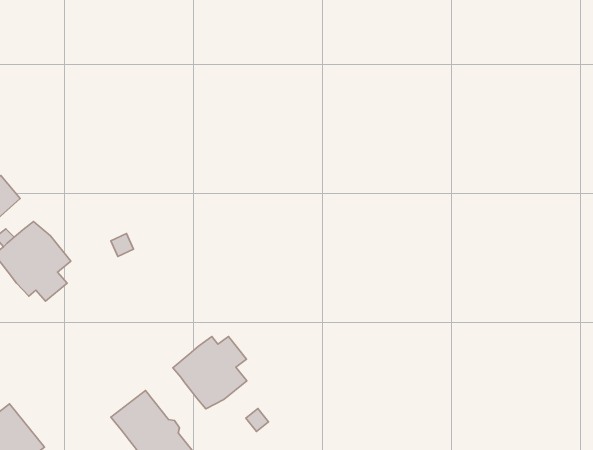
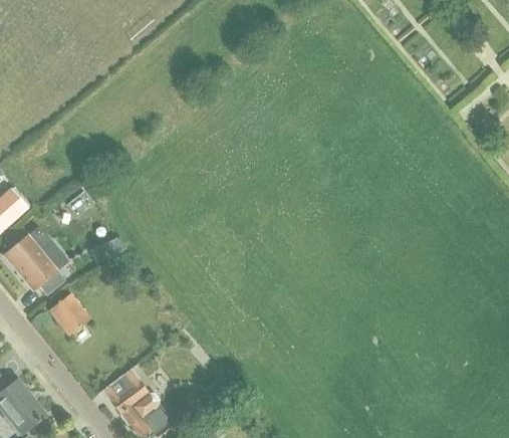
building: none -> [48,292,90,336]
building: [173,336,247,409] -> none

